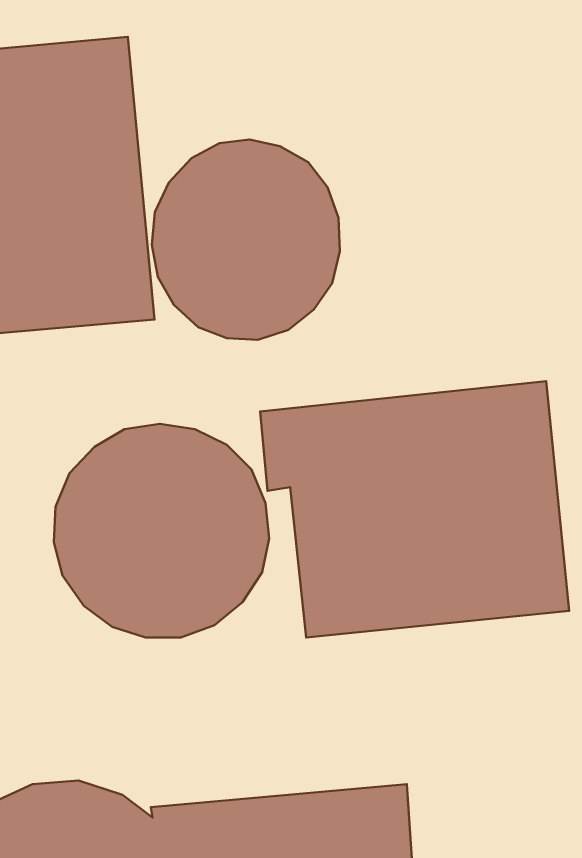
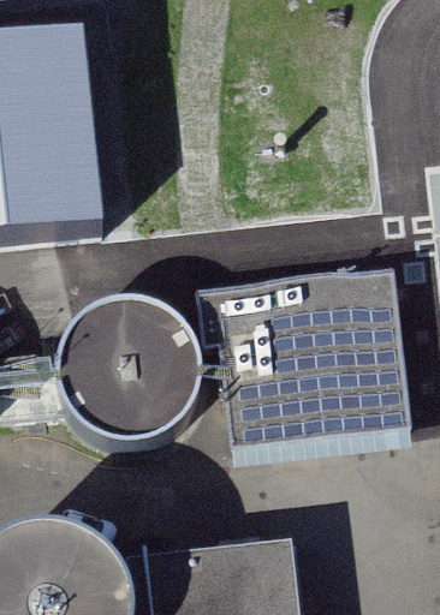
building: [152,140,340,340] -> none

